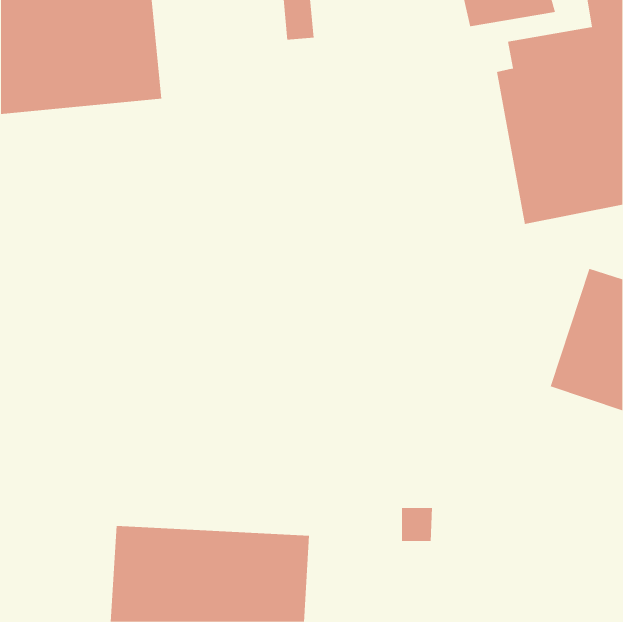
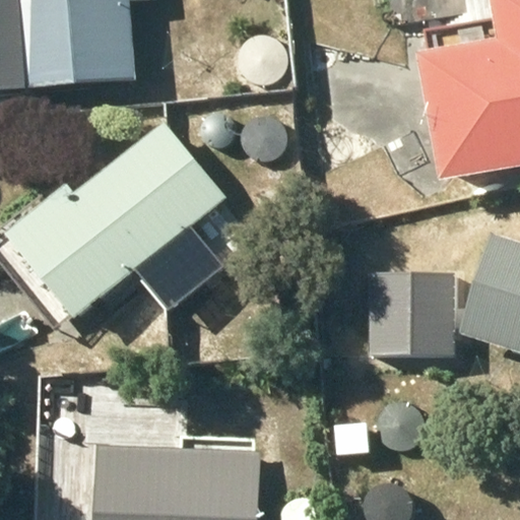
building: none -> [5,124,222,321]
building: none -> [374,262,452,353]

